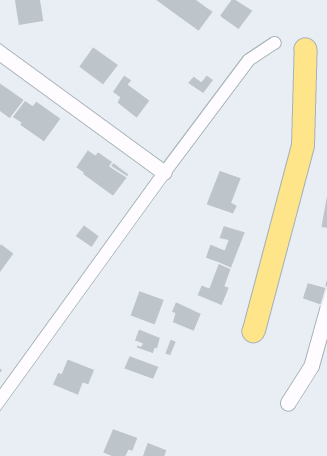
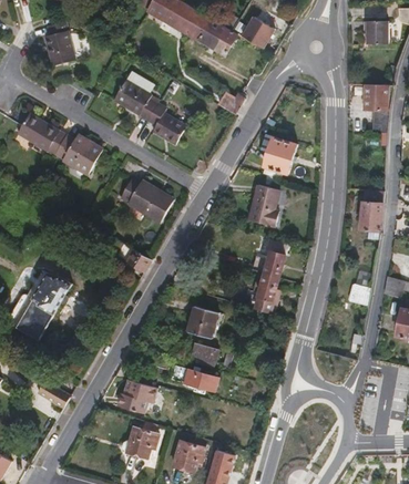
building: none -> [264,137,297,174]
building: [171,301,202,332] -> none
building: none -> [125,426,159,459]

